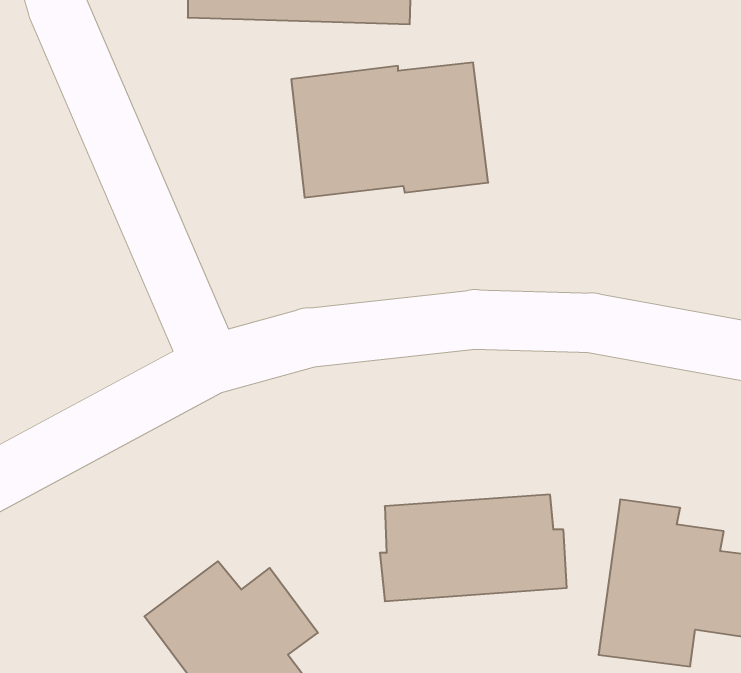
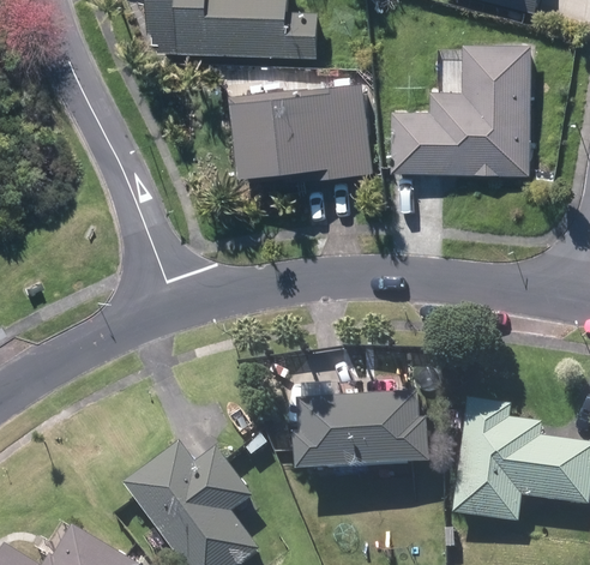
building: none -> [391,44,531,174]

